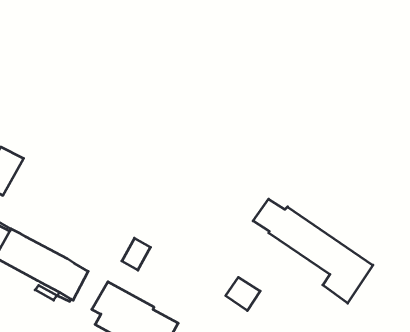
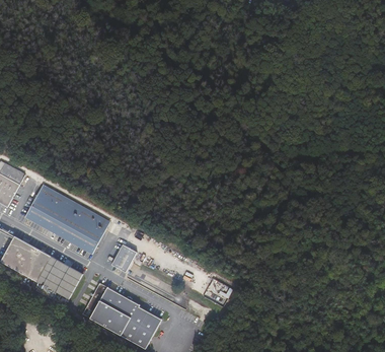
building: none -> [24,184,110,254]
building: [253,199,373,303] -> none

